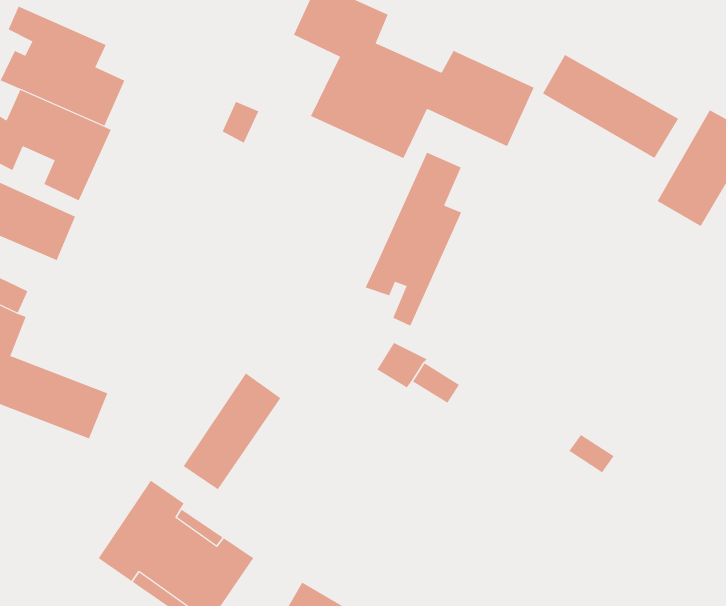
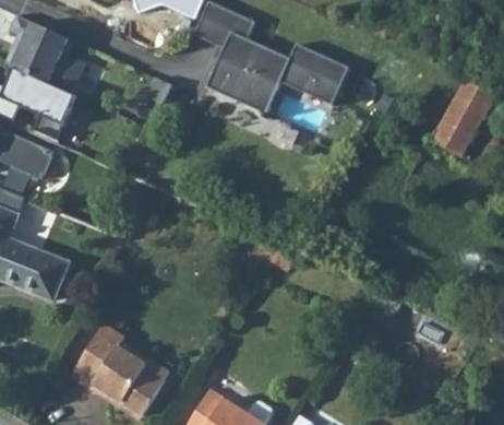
building: [542,54,679,159] -> none
building: [365,152,462,327] -> none
building: [183,373,281,490] -> none

